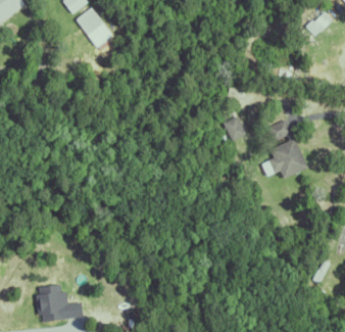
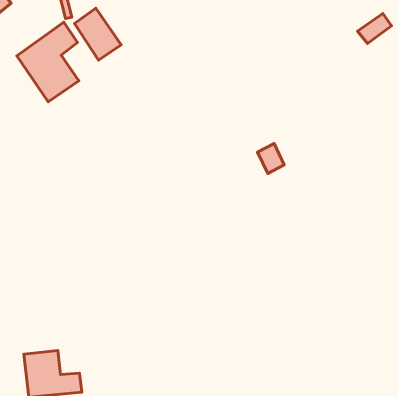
building: none -> [17,22,79,102]
building: [267,118,308,178] -> none

